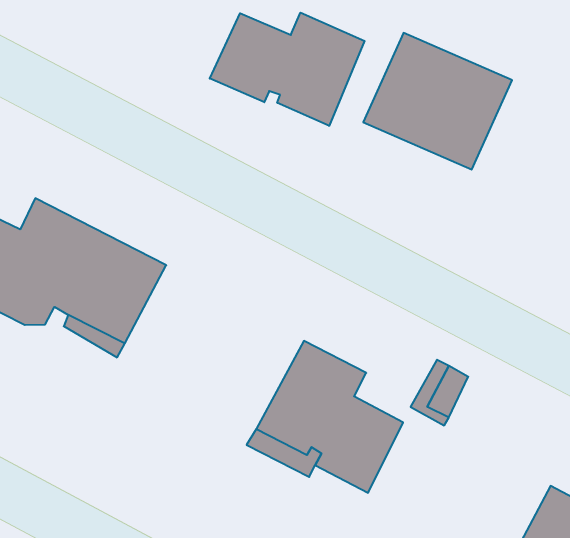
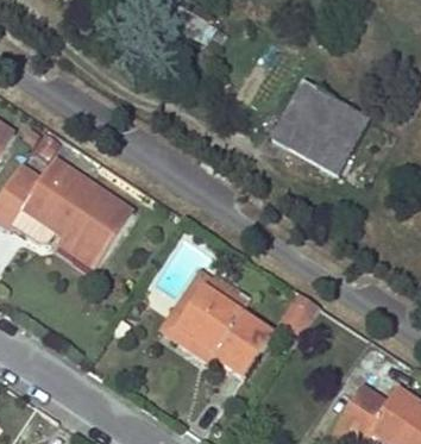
building: [210,13,365,126] -> none

